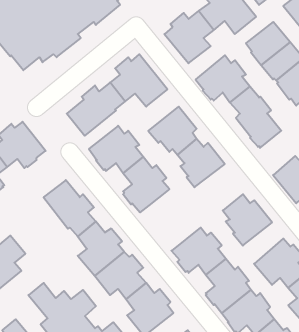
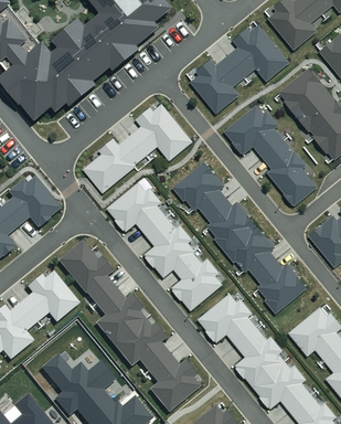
building: none -> [222,224,275,275]
building: none -> [171,253,222,310]
building: none -> [20,273,78,324]

